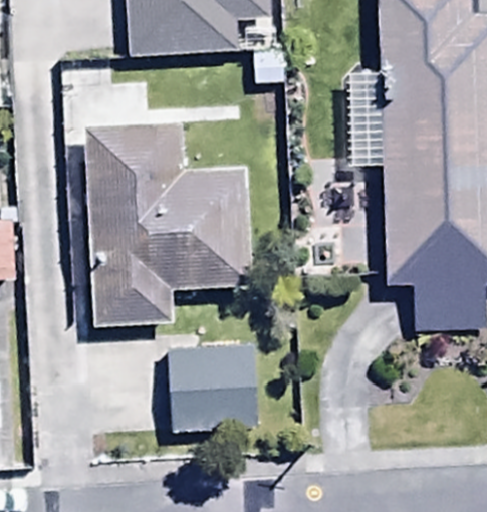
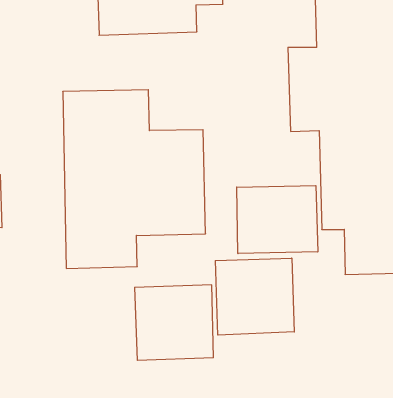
building: none -> [237,186,318,254]
building: none -> [215,258,294,335]

